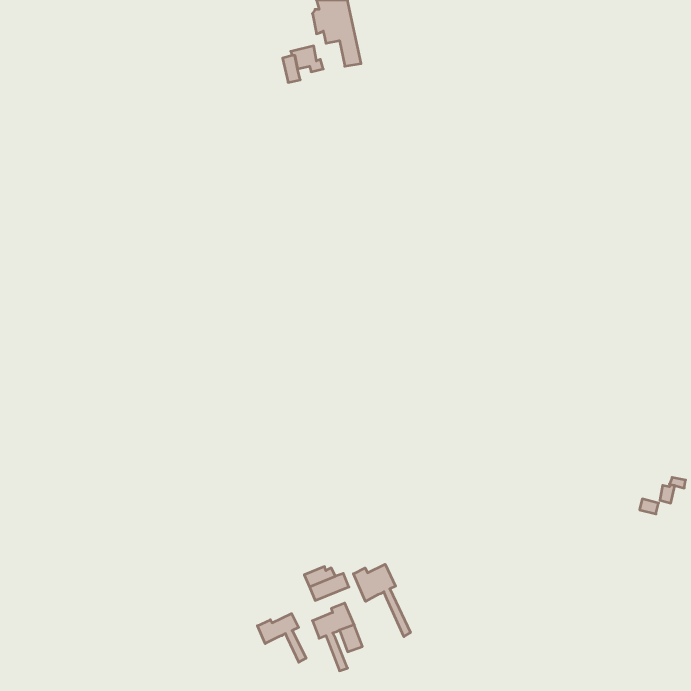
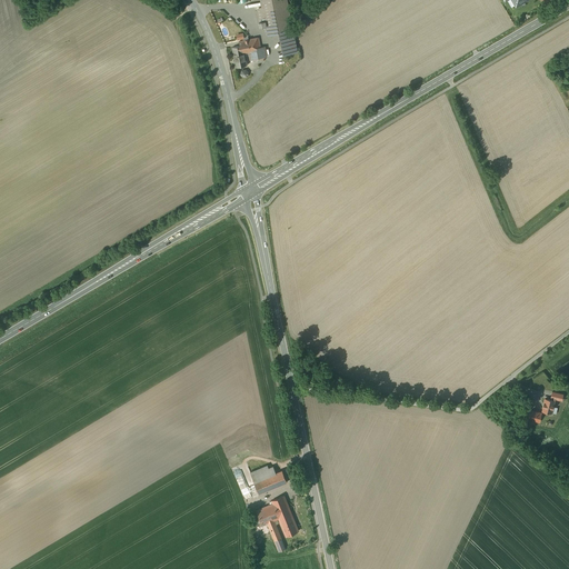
building: [353,564,410,637] -> none
building: [257,614,306,662] -> none

